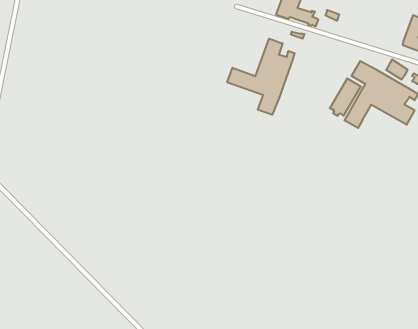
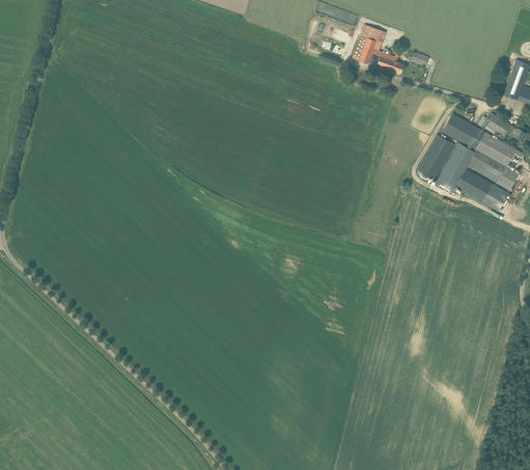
building: [227,39,295,115] -> none
building: none -> [456,168,508,211]

